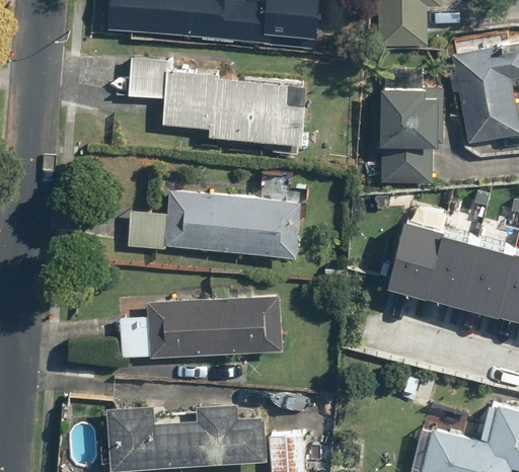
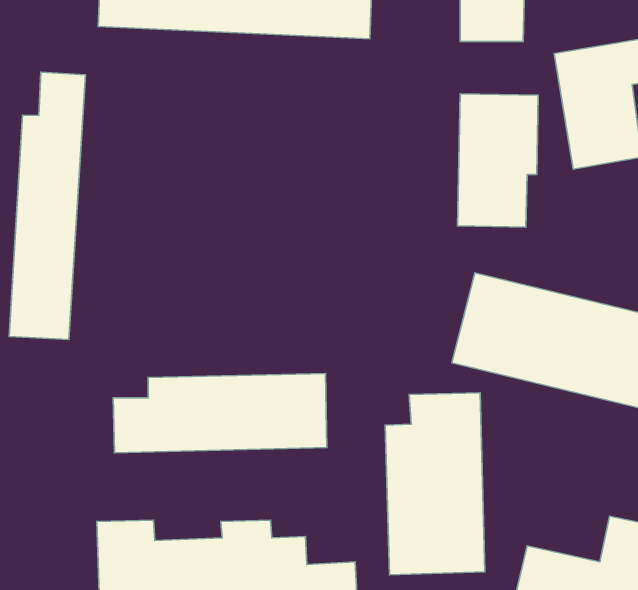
building: [129,58,305,144] -> none
building: none -> [9,72,85,340]
building: [103,191,299,256] -> none
building: none -> [385,393,485,575]

